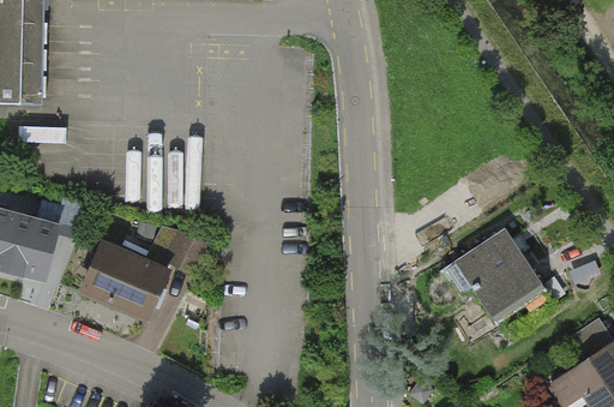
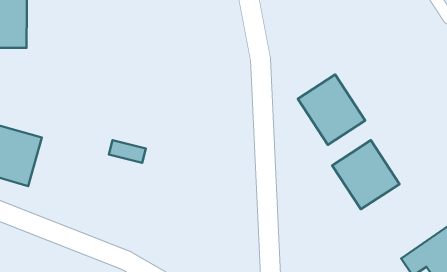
building: none -> [298,74,365,145]
building: [77,239,171,327] -> none

